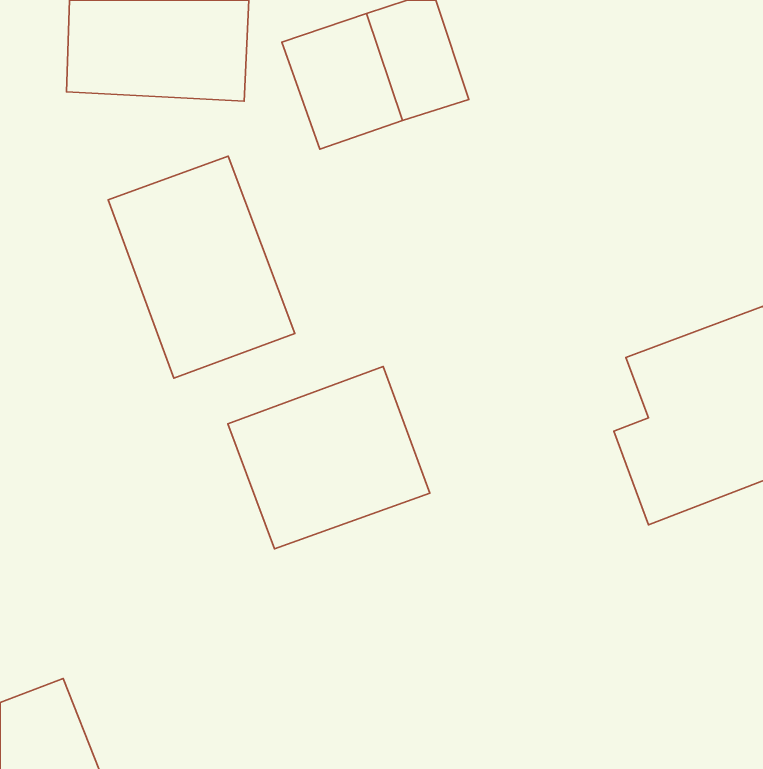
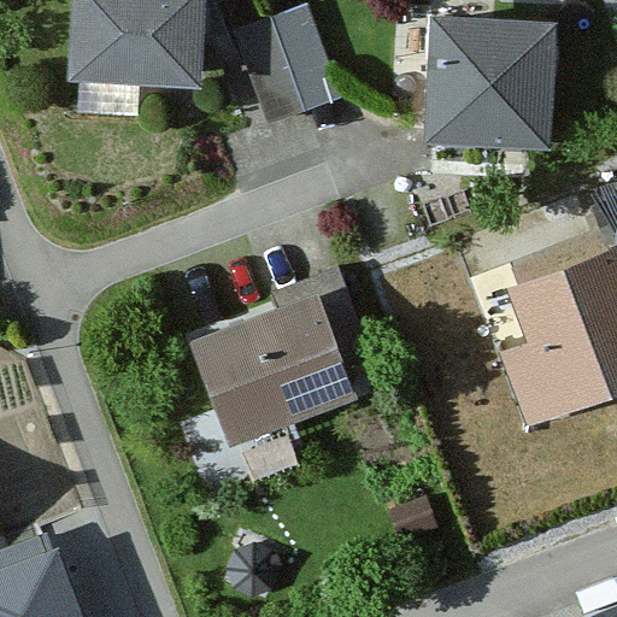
building: none -> [427,18,564,143]
building: [108,156,295,378] -> none

